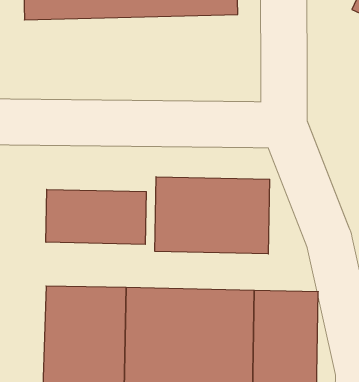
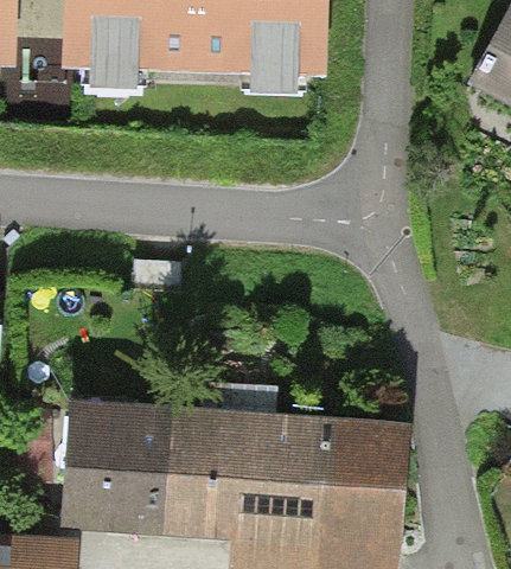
building: [155,177,270,254] -> none
building: [46,189,146,244] -> none

